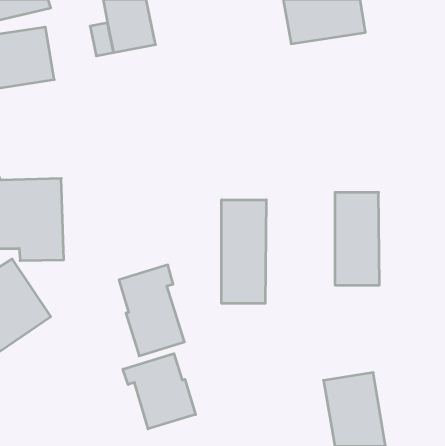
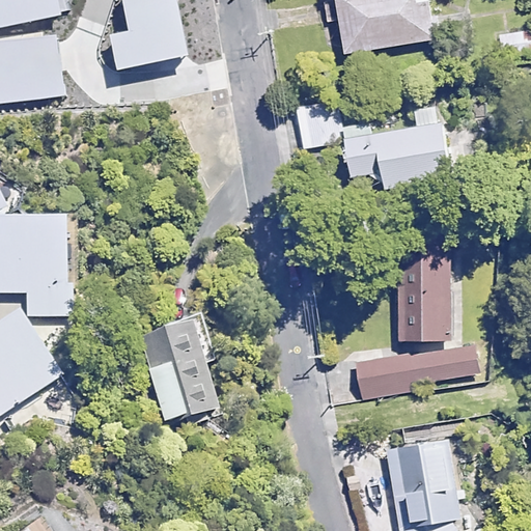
building: none -> [297,99,450,190]
building: [222,200,266,303] -> none
building: none -> [357,345,483,397]
building: [123,354,196,429] -> none

